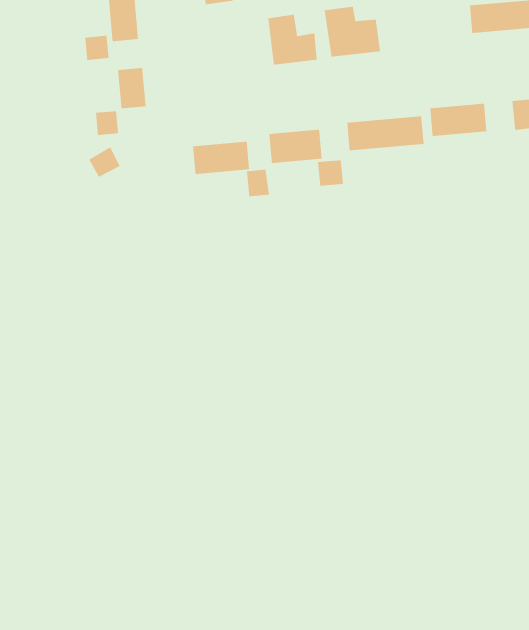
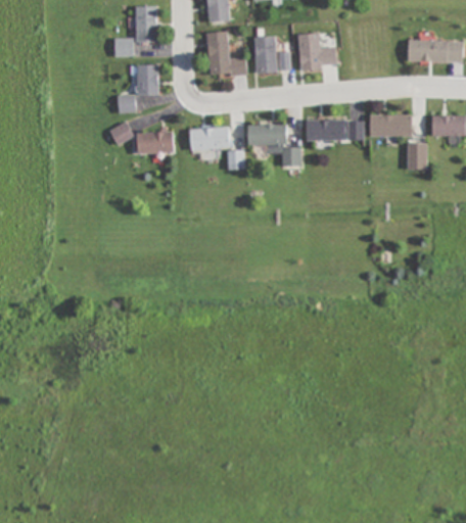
building: none -> [207,32,247,78]
building: none -> [407,143,427,170]
building: none -> [137,132,173,154]

